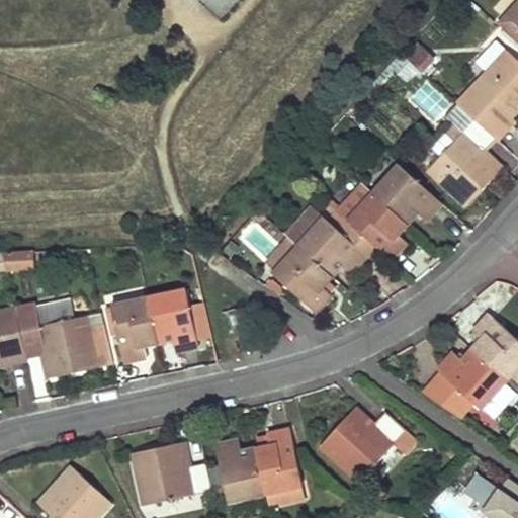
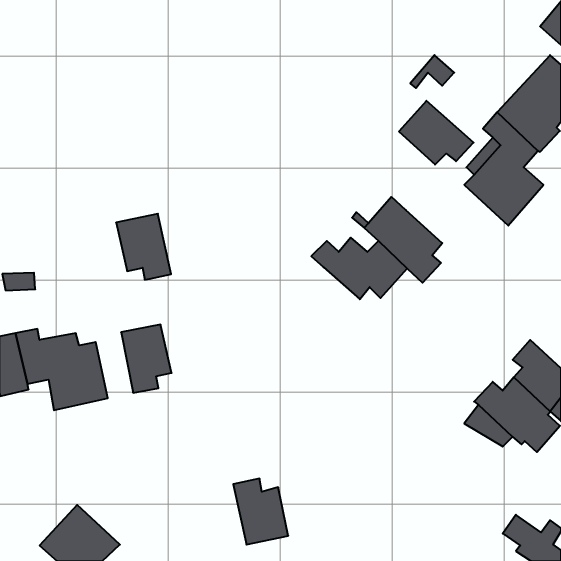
building: [373,165,442,224] -> [399,101,474,165]
building: [273,246,331,313] -> none
building: [148,290,198,351] -> [116,214,171,280]
building: [319,409,417,481] -> none
building: [256,429,304,506] -> none
building: [132,442,211,504] -> none

